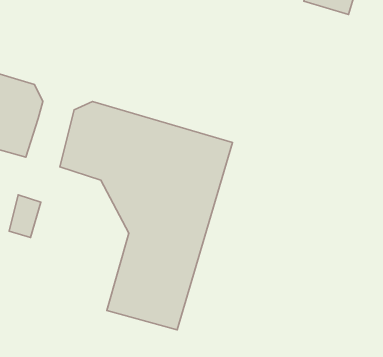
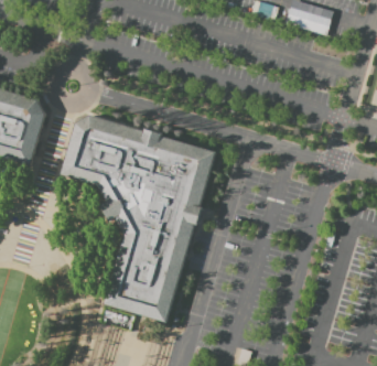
building: [9,195,41,238] -> none

